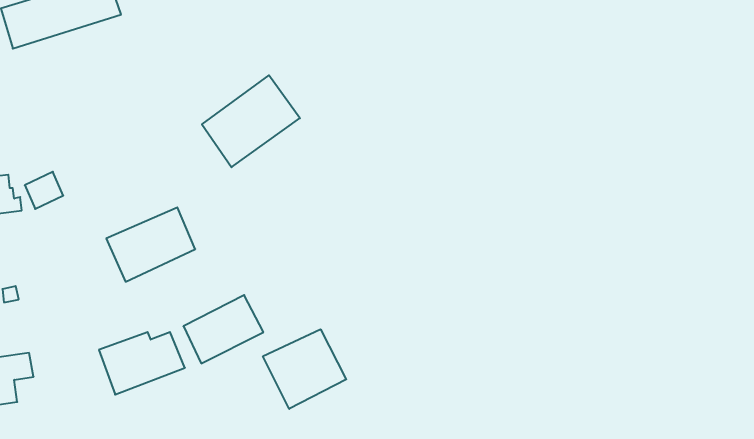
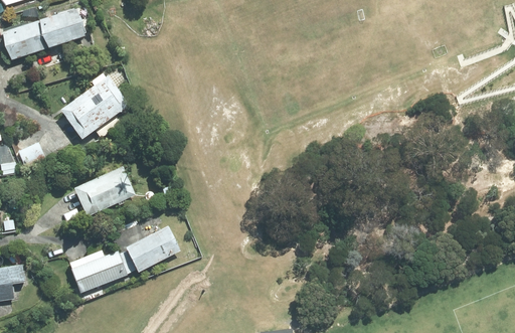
building: [202,75,300,167] -> [61,75,128,138]
building: [263,329,346,409] -> none

